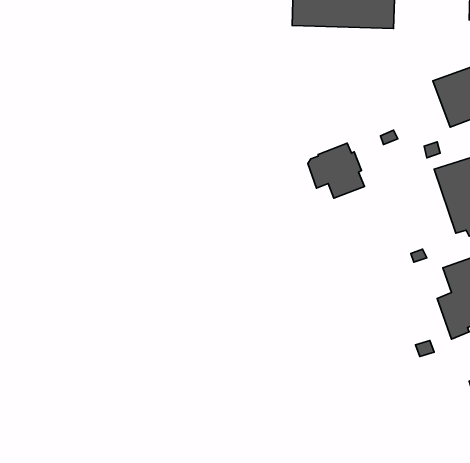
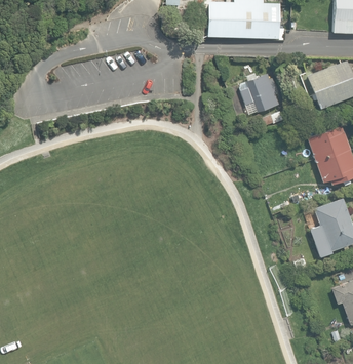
building: [308,143,364,198] -> [240,73,280,112]

